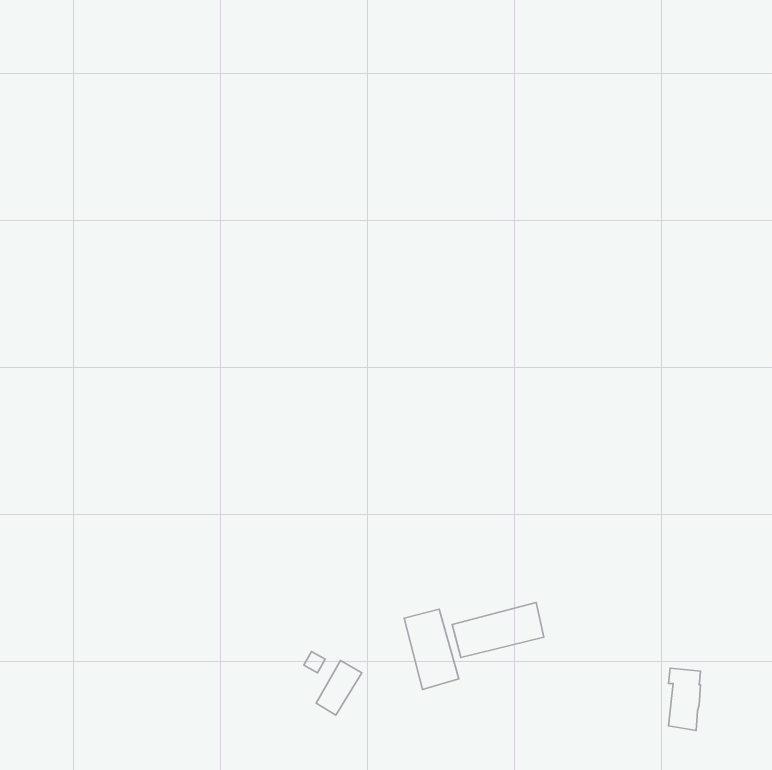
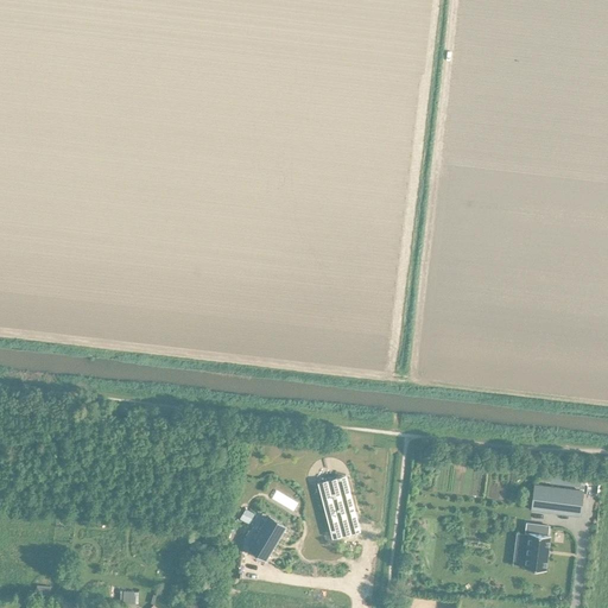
building: [452,602,544,658] -> none
building: none -> [530,484,581,515]

